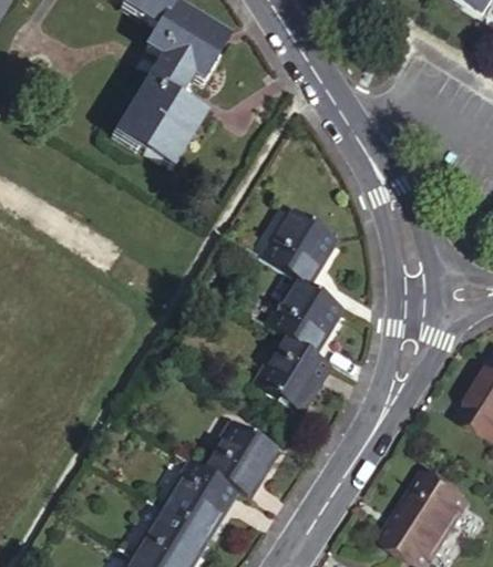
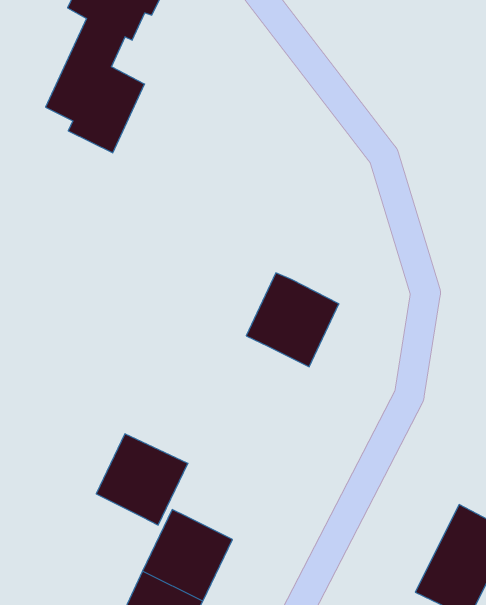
building: [259,206,335,281] -> none
building: [254,333,330,411] -> none
building: [204,419,280,495] -> [96,434,188,525]

